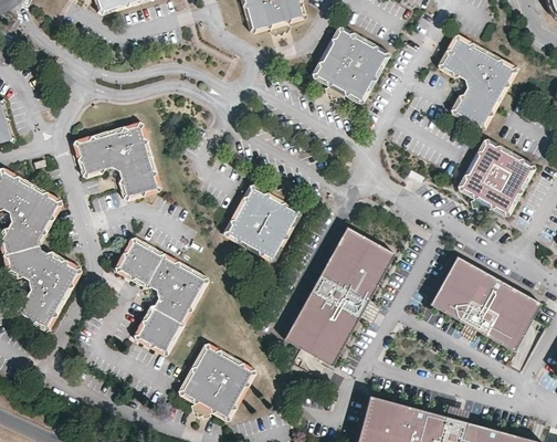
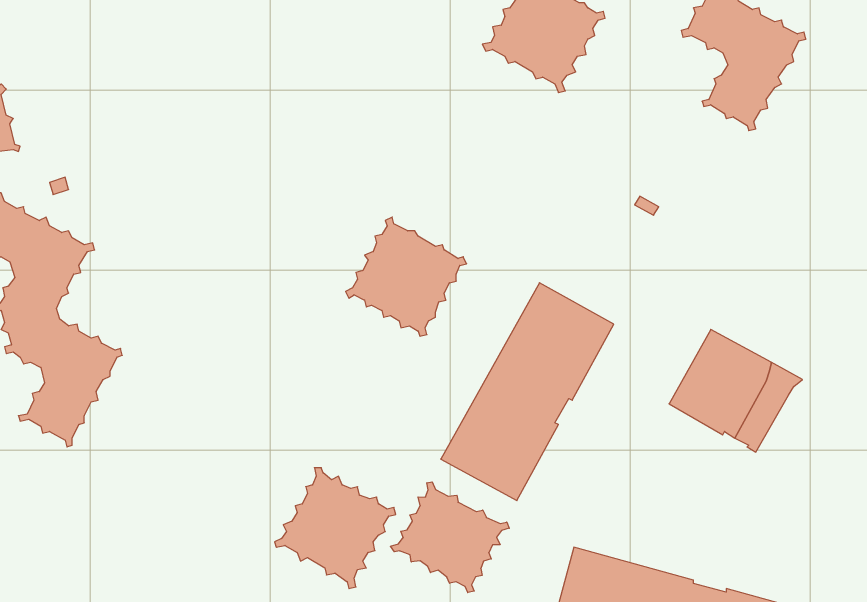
building: [73,122,160,200] -> none
building: [458,138,535,215] -> none
building: [114,236,208,356] -> none
building: [485,287,542,350] -> none
building: none -> [390,482,509,593]

